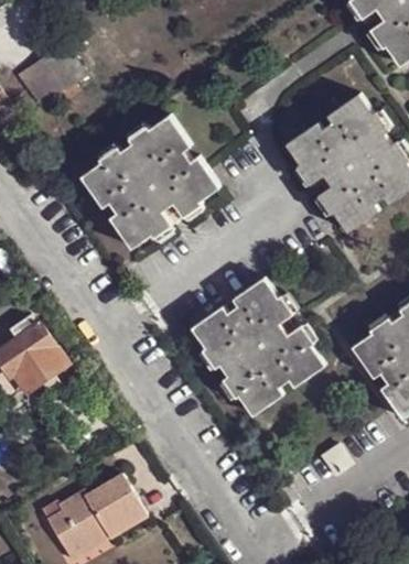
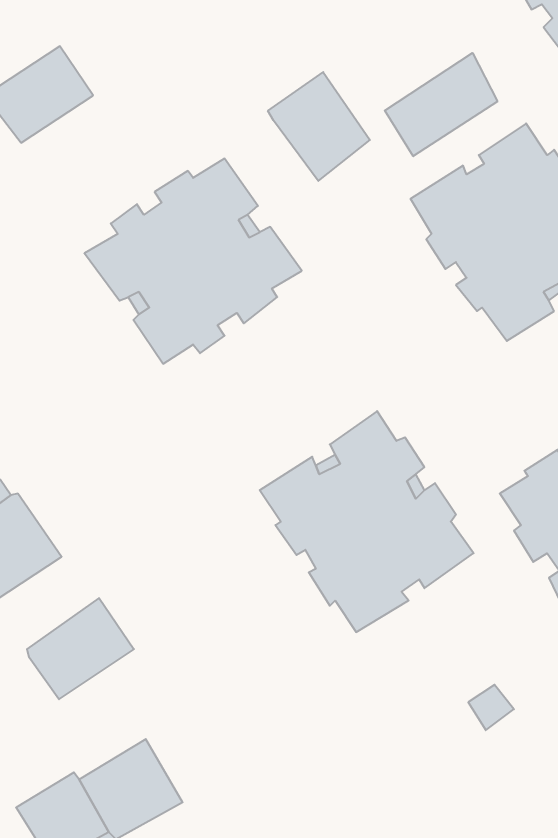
building: none -> [385,53,497,156]
building: none -> [268,72,370,181]
building: none -> [27,598,134,699]

